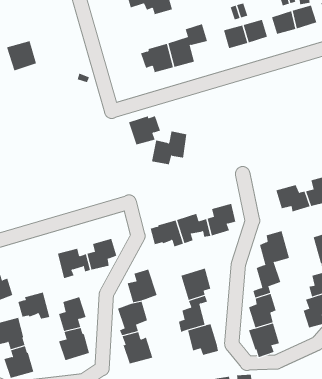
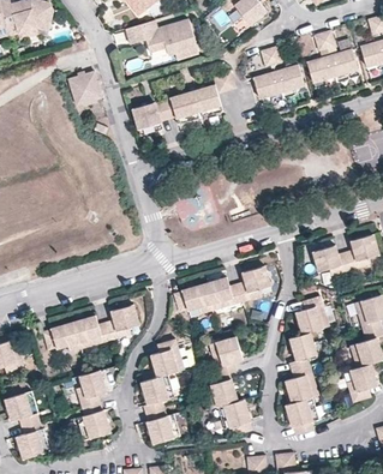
building: [6,40,37,71] -> [68,72,102,106]
building: [128,116,161,145] -> [133,102,169,134]
building: [17,292,50,319] -> [43,322,79,352]

